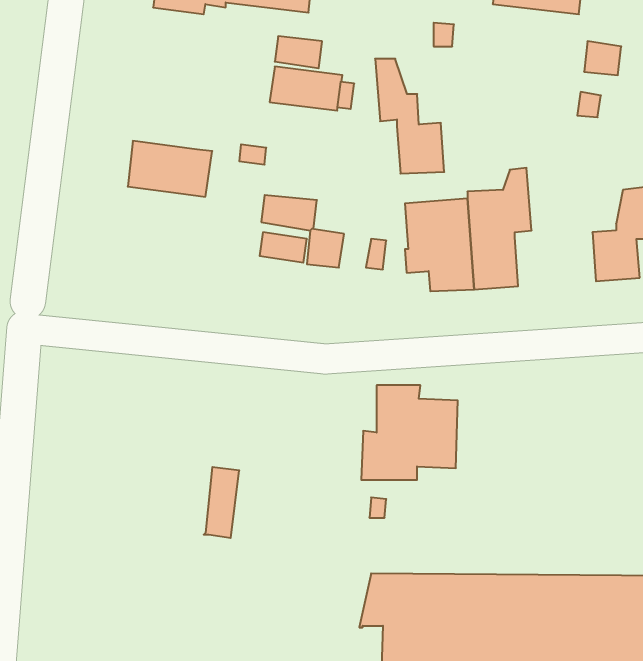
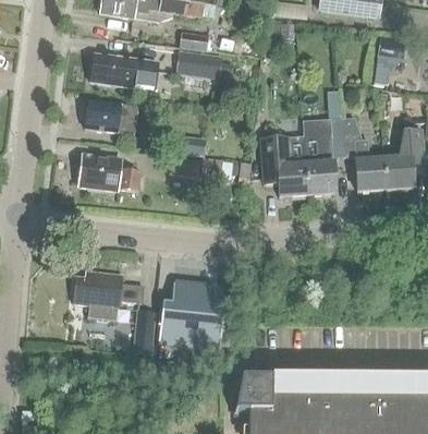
building: [375,59,444,174] -> [341,114,386,189]
building: none -> [90,51,158,88]
building: none -> [78,152,139,189]
building: [361,385,458,480] -> [161,289,223,350]
building: none -> [73,269,143,320]

